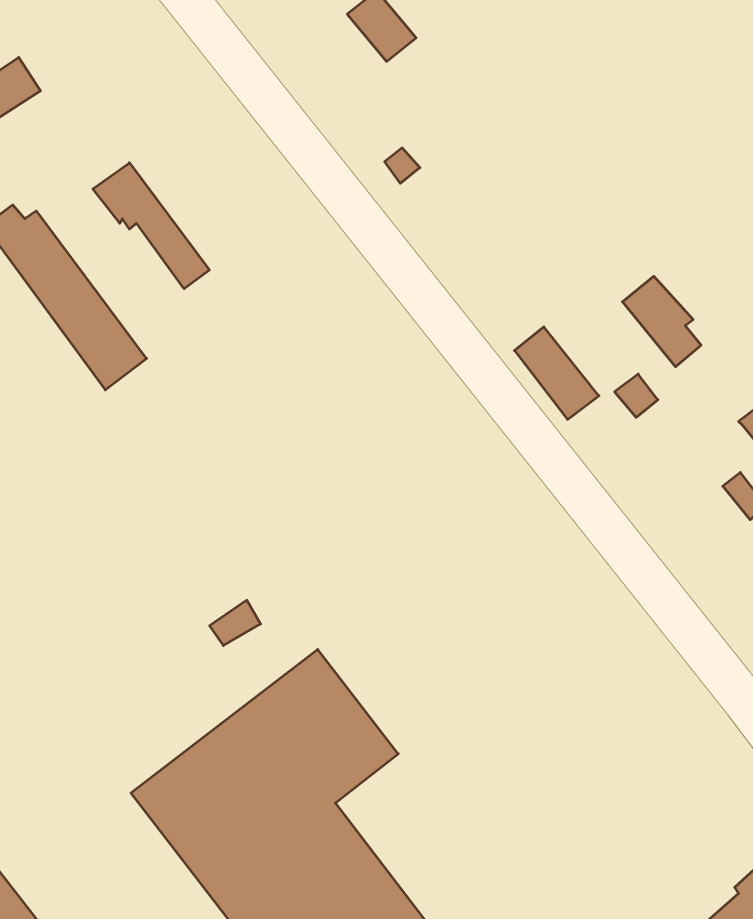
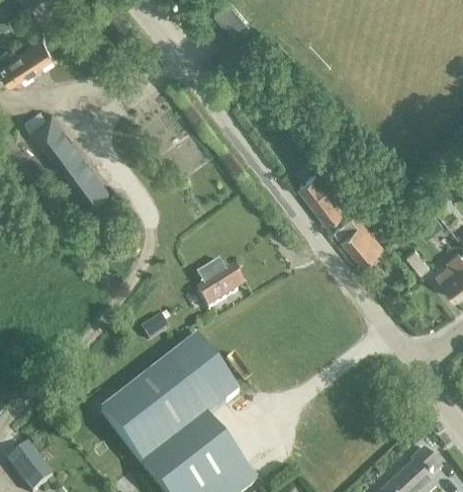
building: [93,163,209,289] -> none
building: [622,276,701,367] -> [333,216,373,262]
building: none -> [196,260,245,308]

